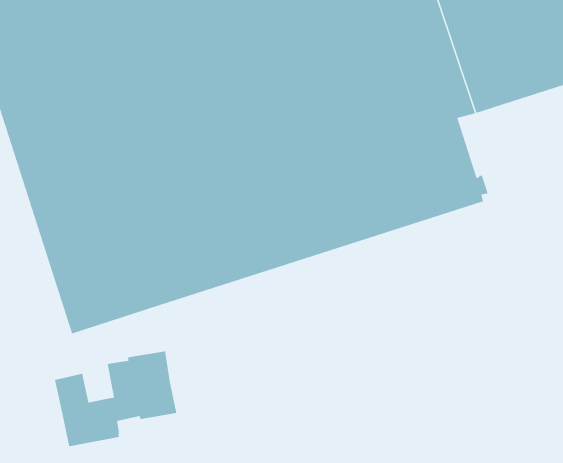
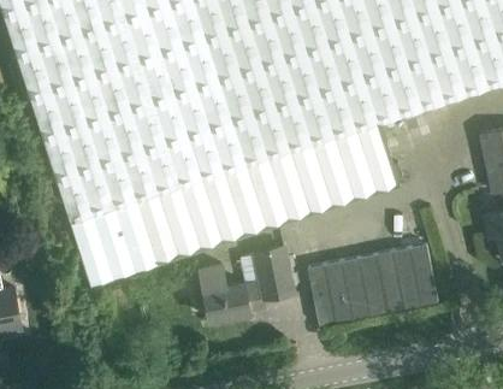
building: none -> [308,243,438,325]
building: [54,351,177,447] -> [200,247,292,319]

